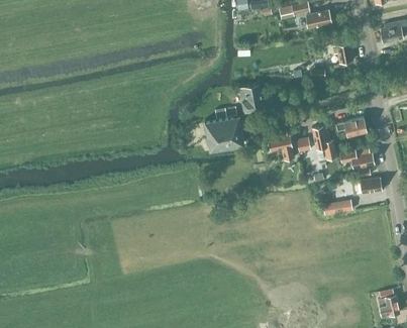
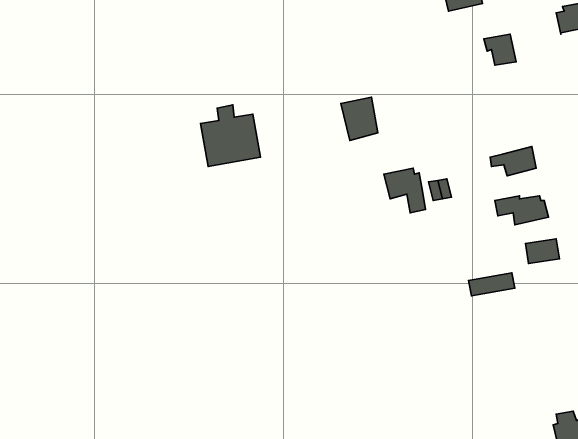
building: [204,108,243,148] -> [200,105,260,167]
building: [312,124,336,158] -> none

